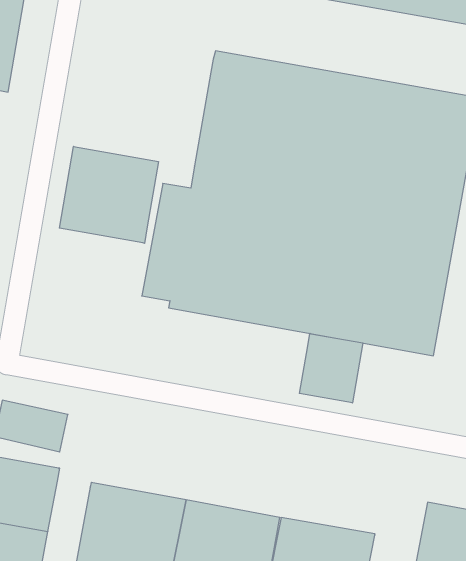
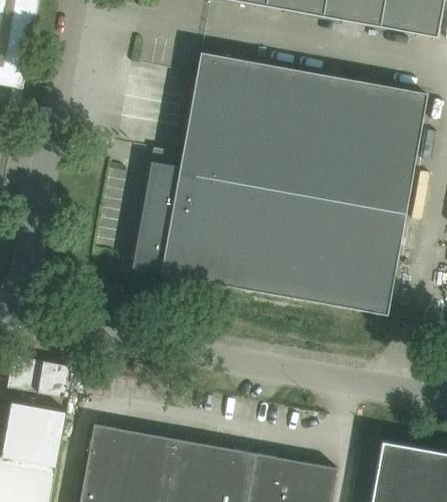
building: [59,146,158,243] -> none
building: [299,333,363,403] -> none

